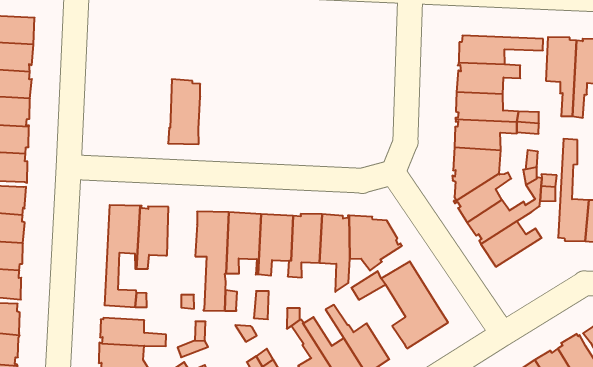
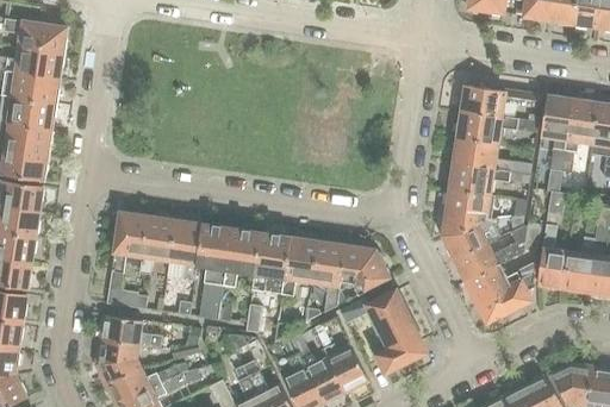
building: [168,79,200,144] -> [166,217,201,280]
building: none -> [475,262,535,321]

